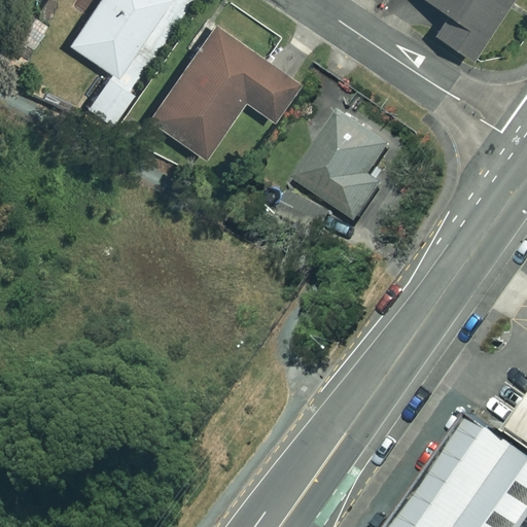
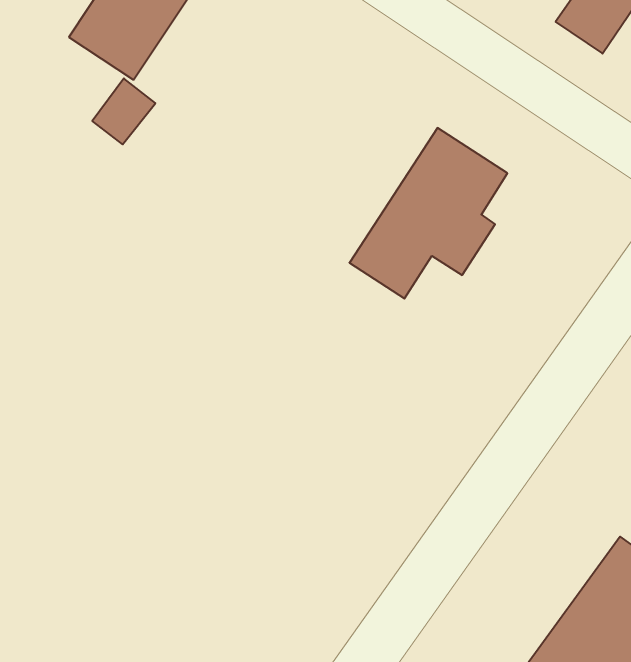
building: [148,26,298,159] -> none

